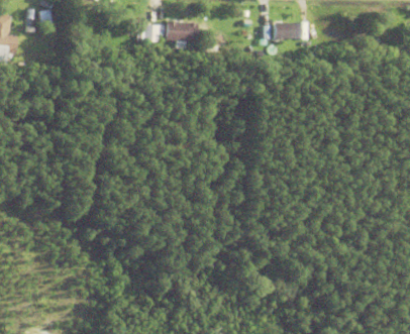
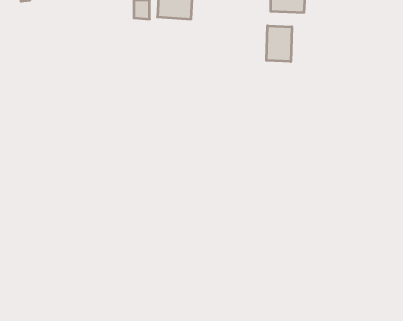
building: none -> [266,26,292,62]

